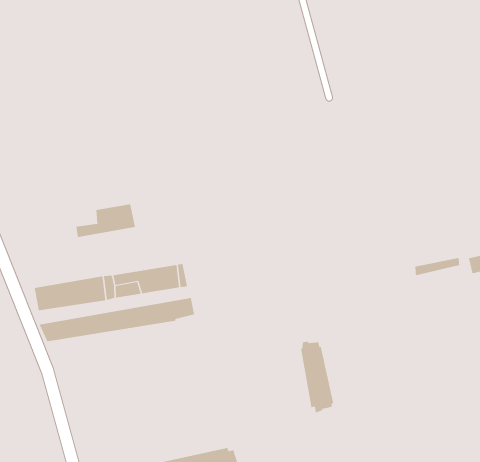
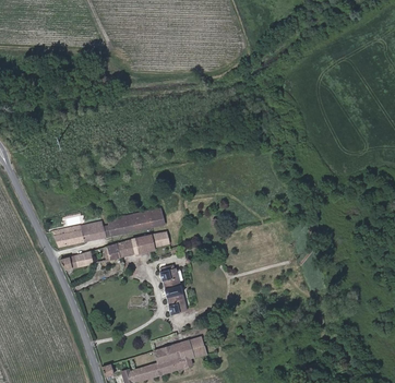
building: [76,203,136,238] -> none
building: [300,341,334,413] -> [159,264,187,315]

